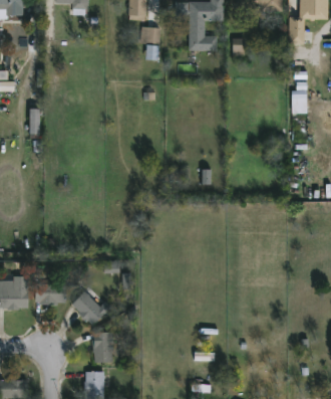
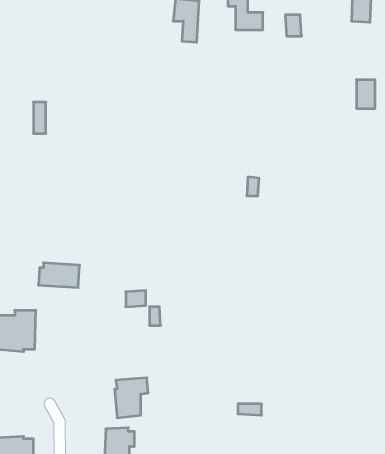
building: [36,282,69,303] -> [38,263,80,288]
building: [75,290,116,328] -> none

